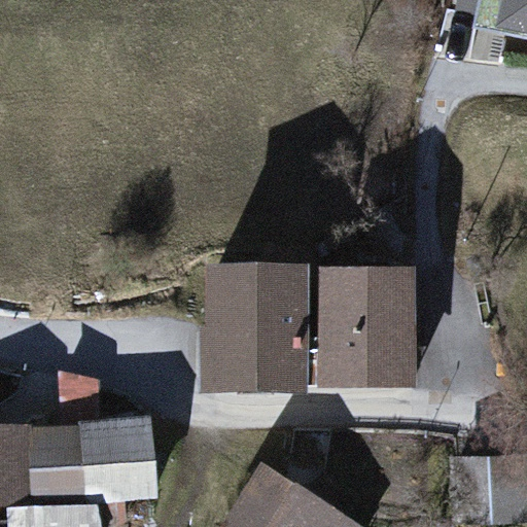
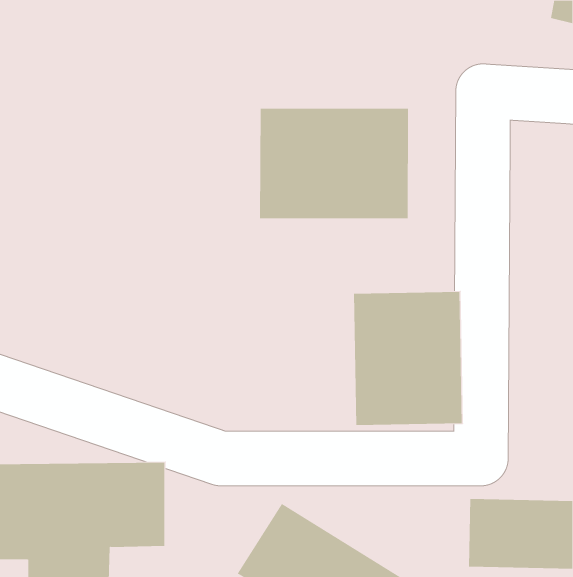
building: none -> [260,108,409,219]
building: [204,265,307,391] -> none

